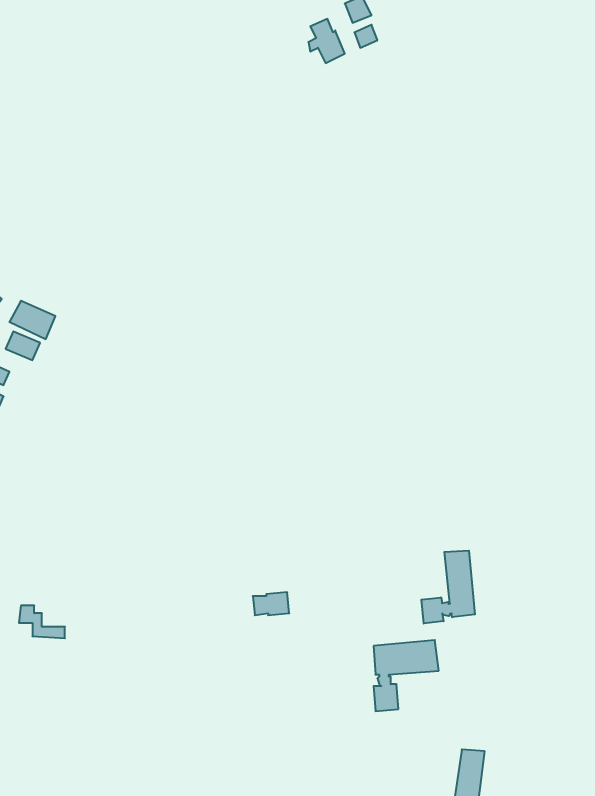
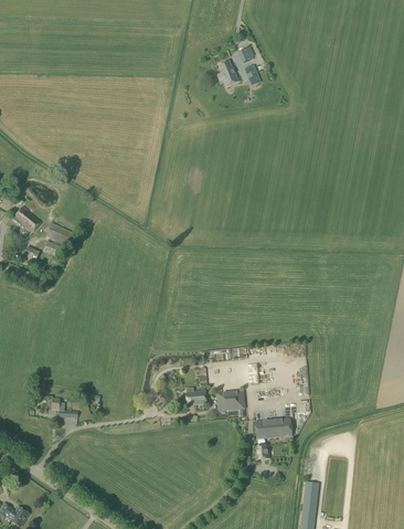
building: [421,551,475,624] -> none
building: none -> [216,390,245,410]

